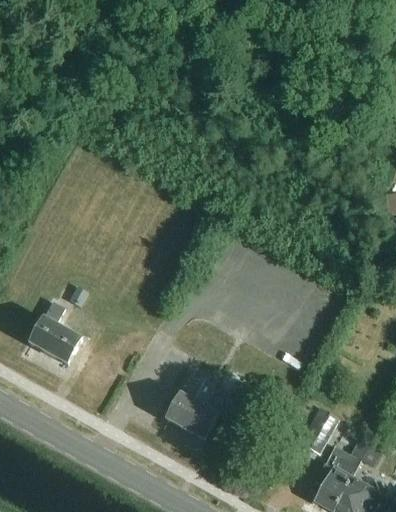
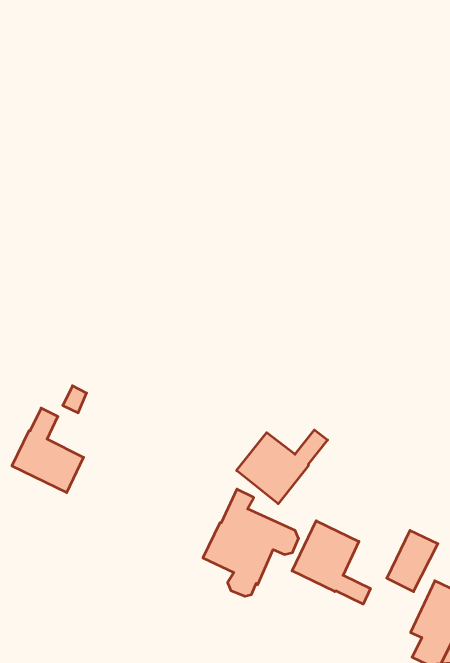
building: none -> [237,430,328,504]
building: none -> [292,521,370,604]

